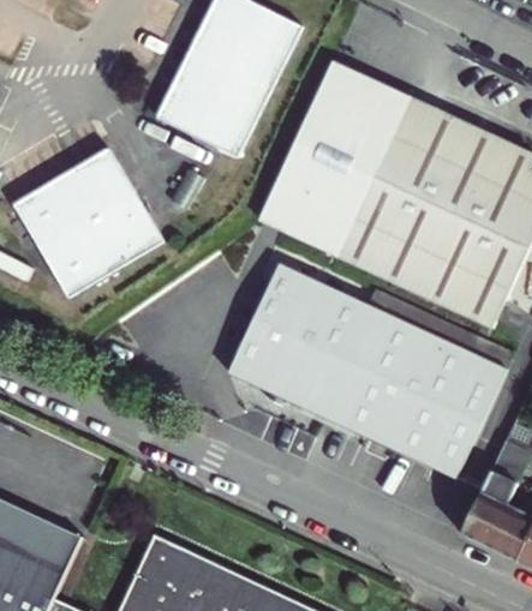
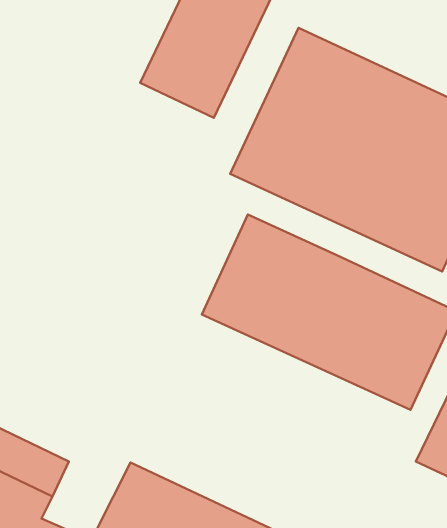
building: [17,148,167,296] -> none

